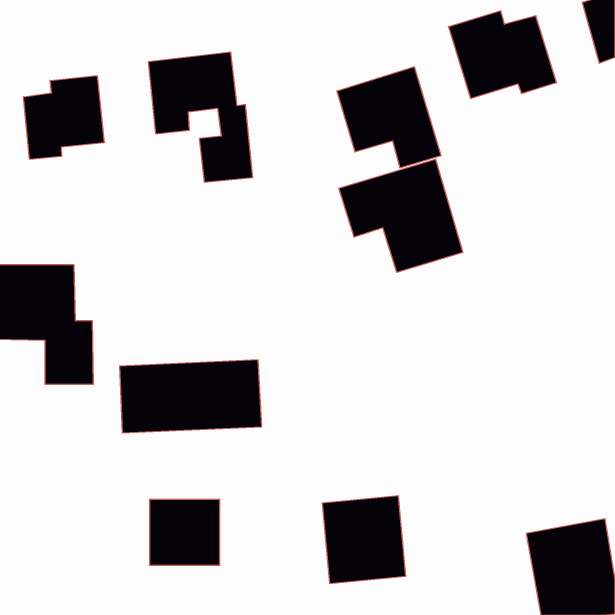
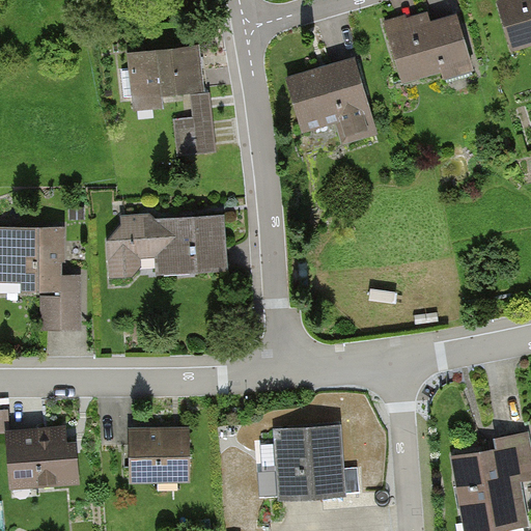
building: [23,76,104,159] -> none
building: [339,159,463,272] -> none
building: [120,360,262,433] -> [104,214,225,276]
building: none -> [4,423,77,491]

